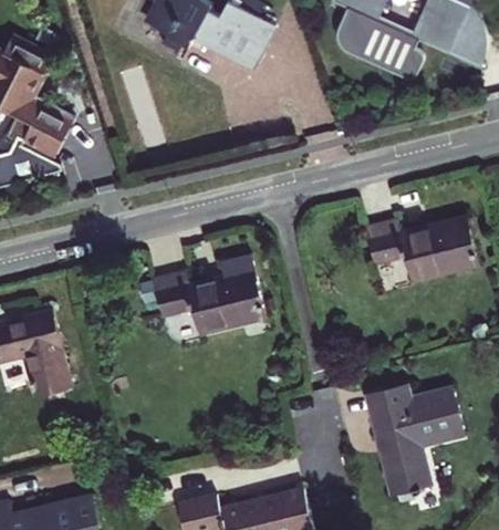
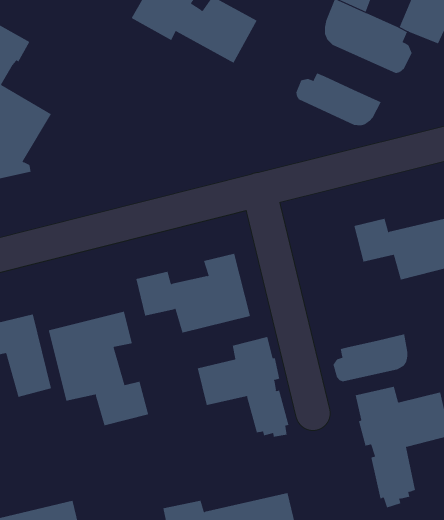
building: none -> [296,72,382,126]
building: none -> [48,311,149,426]
building: none -> [333,334,408,382]
building: none -> [197,336,289,438]

